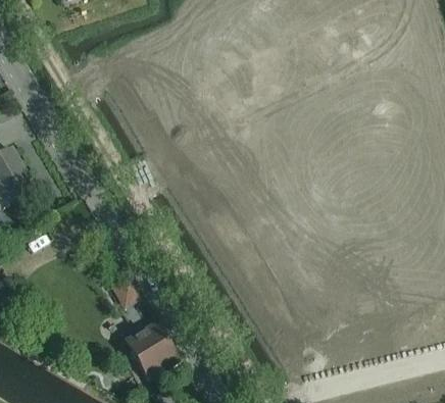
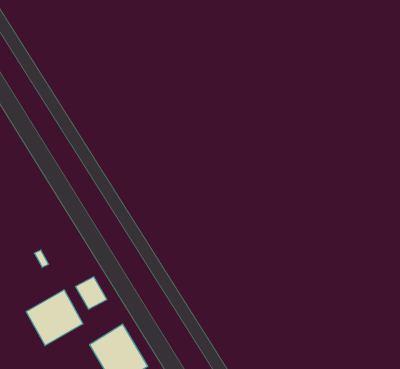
building: none -> [26,290,83,346]

